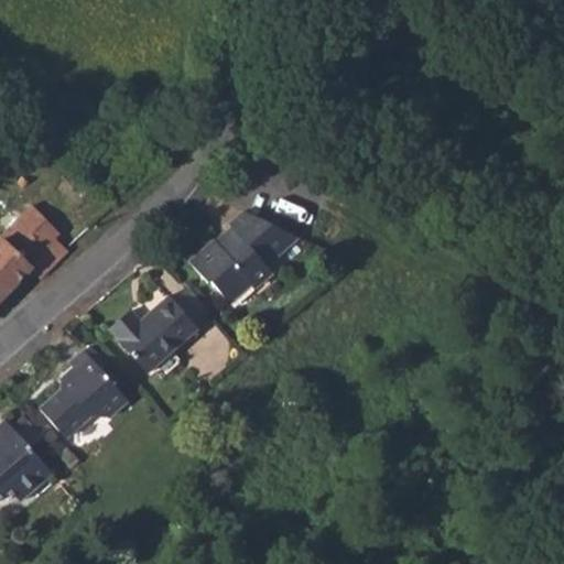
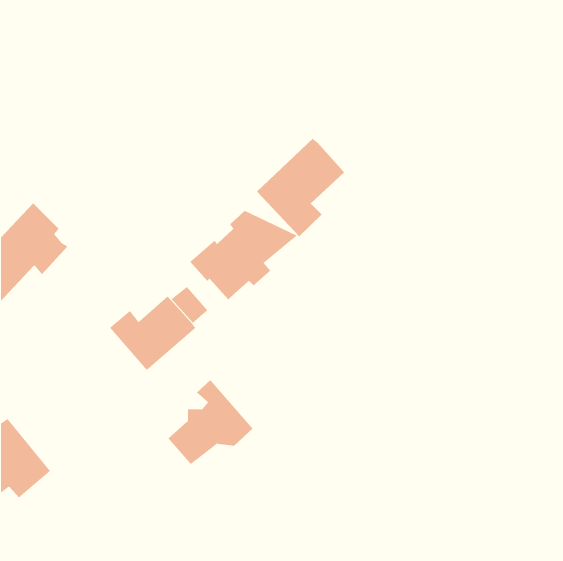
building: none -> [256,138,345,237]
building: [40,350,126,436] -> [167,379,253,465]

